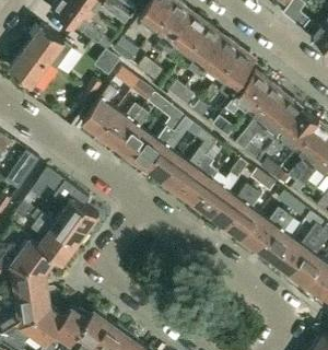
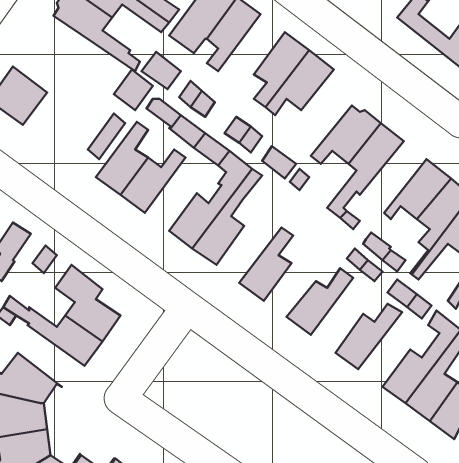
building: [163,13,208,57] -> none
building: [25,25,72,72] -> none
building: [219,50,254,100] -> none
building: [258,98,303,147] -> none
building: [114,109,149,159] -> none
building: [162,128,216,194] -> none
building: [194,159,247,217] -> none
building: [225,190,260,241] -> none
building: [257,213,292,264] -> none
building: [28,222,73,266] -> none

